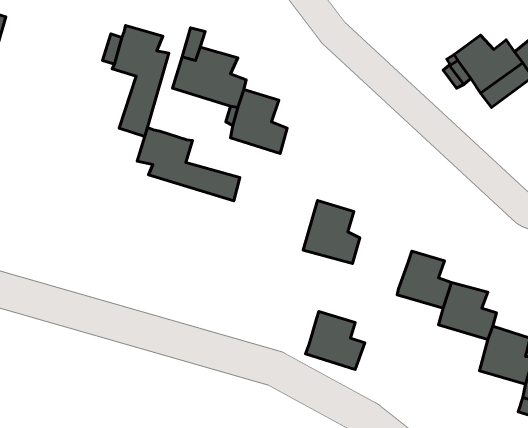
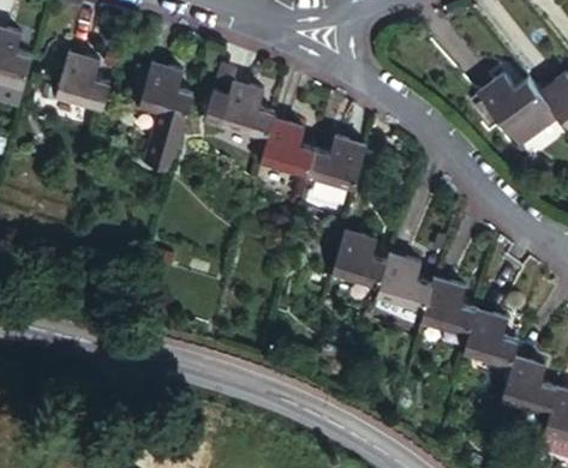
building: none -> [54,52,110,112]
building: none -> [306,140,365,198]
building: [137,127,240,201] -> none
building: [306,312,365,370] -> [375,262,434,319]

